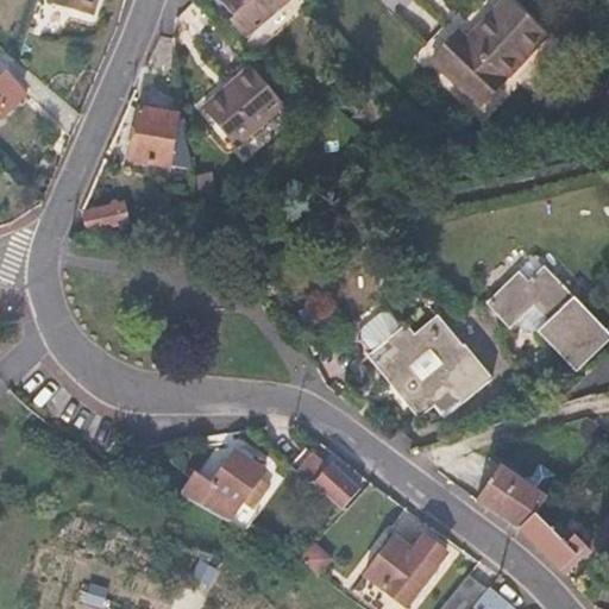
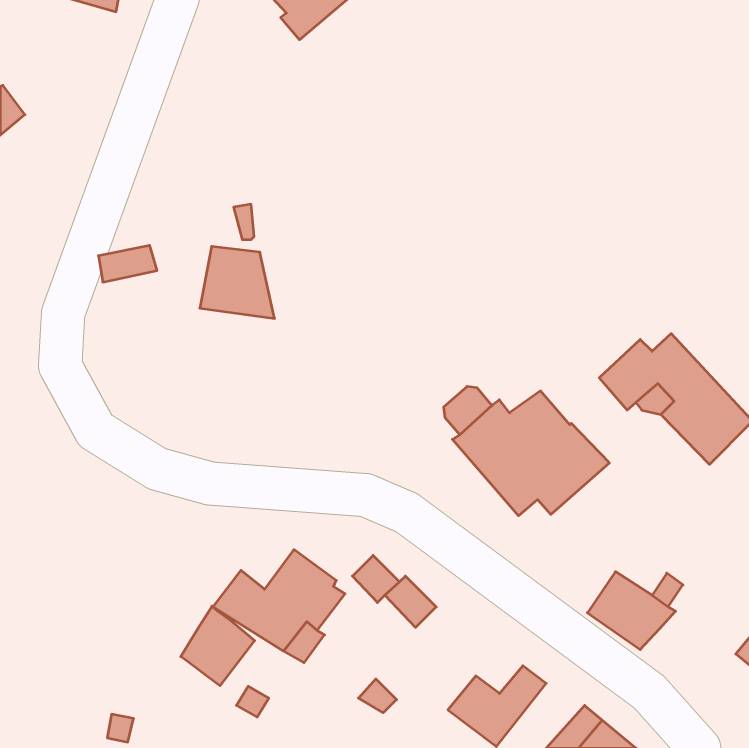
building: [427,10,541,113] -> none
building: [201,62,282,140] -> none
building: [130,106,190,164] -> [200,246,275,318]
building: none -> [181,606,255,686]
building: [520,509,590,567] -> none

